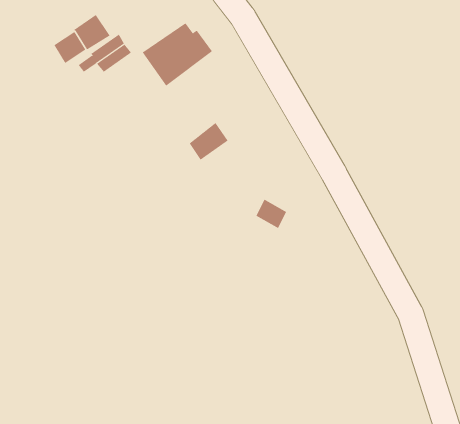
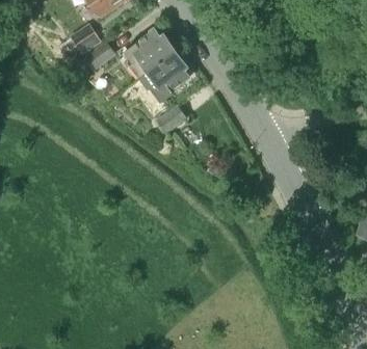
building: none -> [140,53,188,102]

